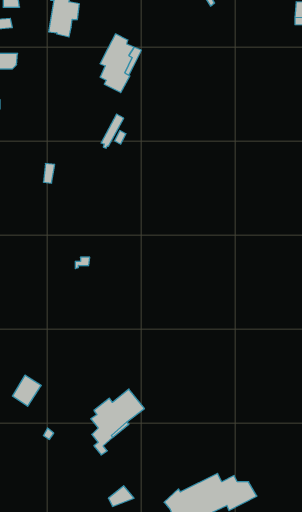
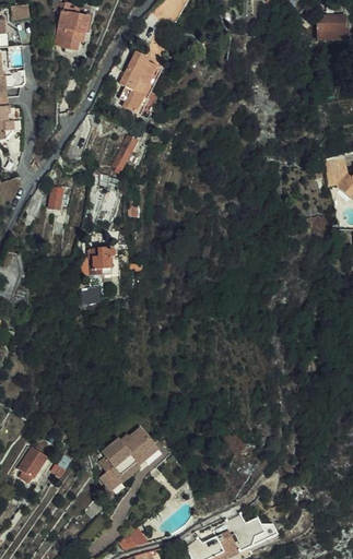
building: none -> [91,243,118,271]
building: [12,375,41,406] -> [15,450,46,483]

